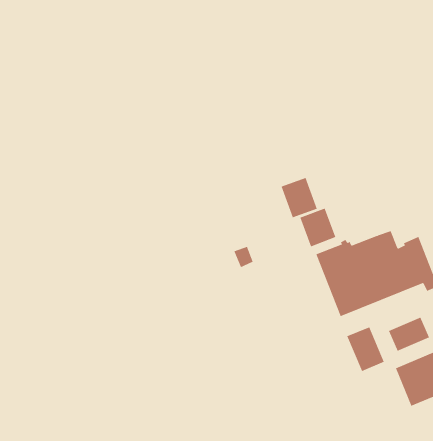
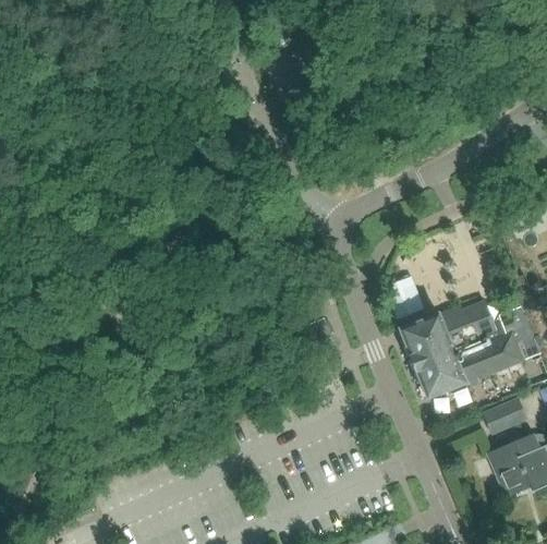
building: [281,177,317,218] -> none
building: [347,326,385,372] -> none

